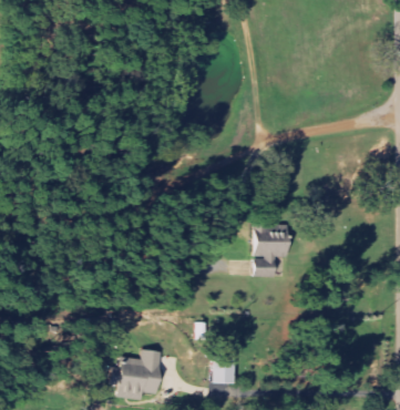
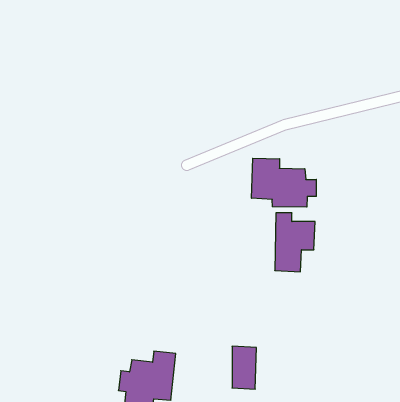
building: none -> [252,158,316,207]

